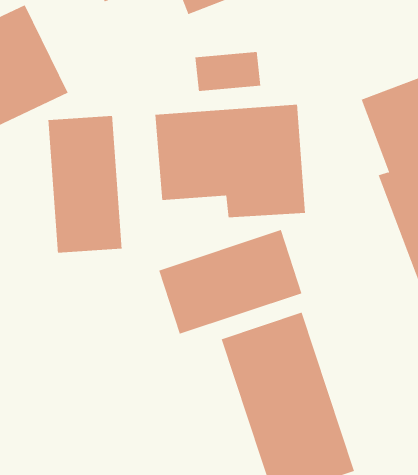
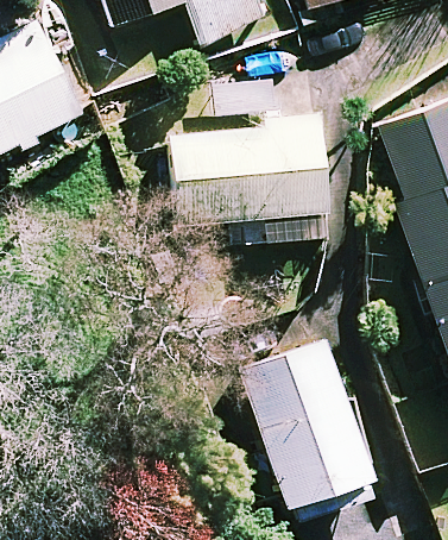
building: [48,115,122,253] -> none
building: [158,229,302,335] -> none

